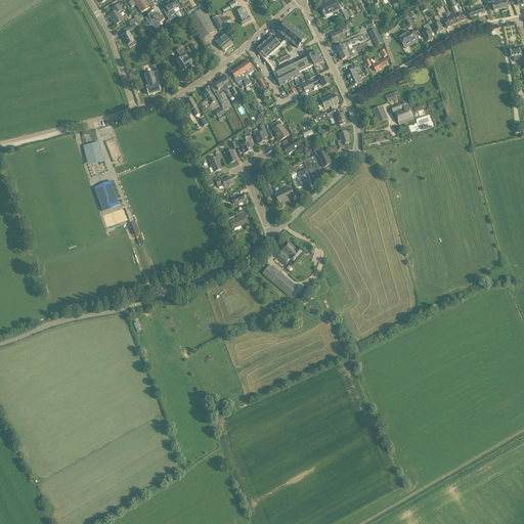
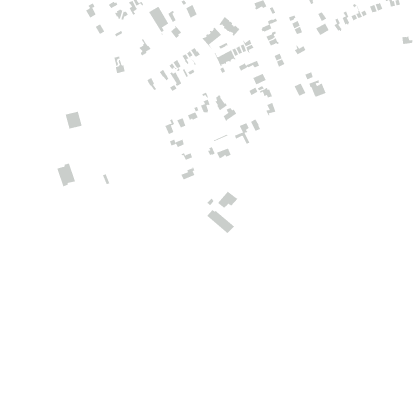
building: [93,179,118,210] -> [56,163,76,187]

